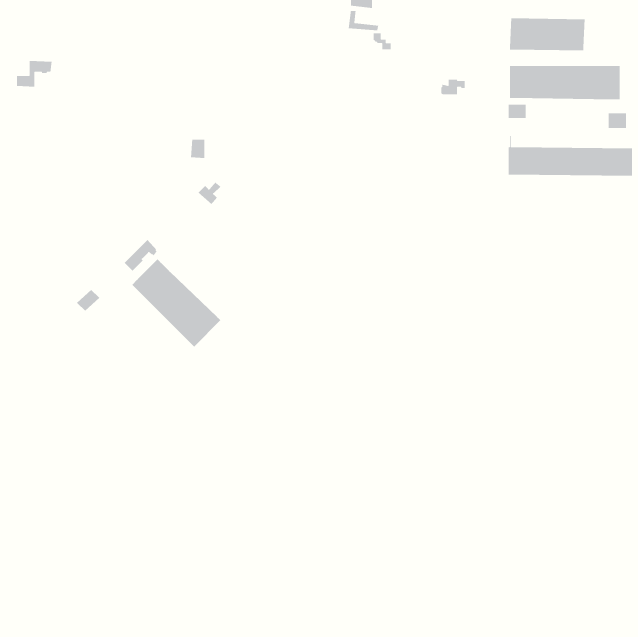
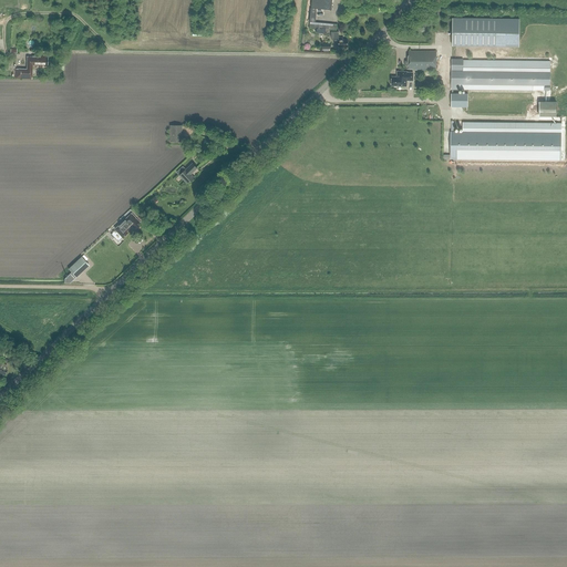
building: none -> [408,49,435,69]
building: [131,259,221,347] -> none

